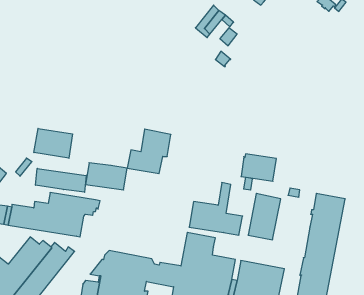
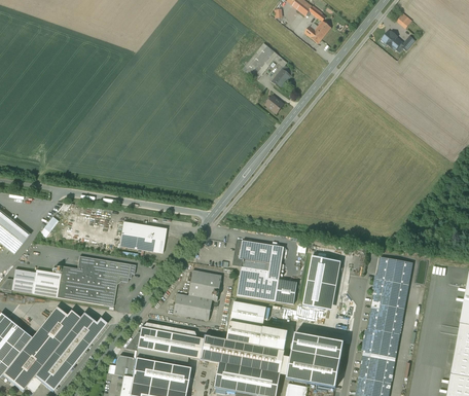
building: [34,128,72,158] -> none
building: [127,129,171,174] -> [173,269,222,320]
building: [241,154,276,181] -> [233,240,274,271]
building: [36,168,86,192] -> none

